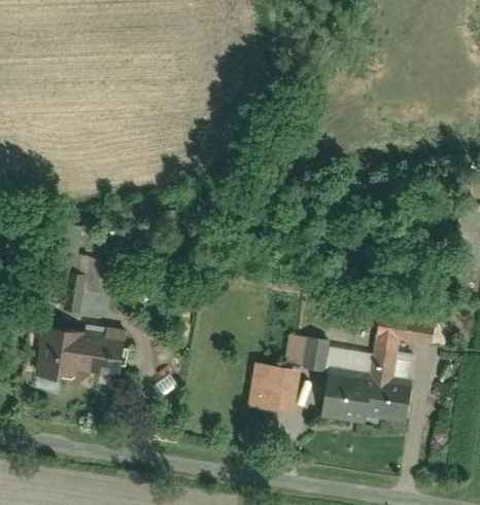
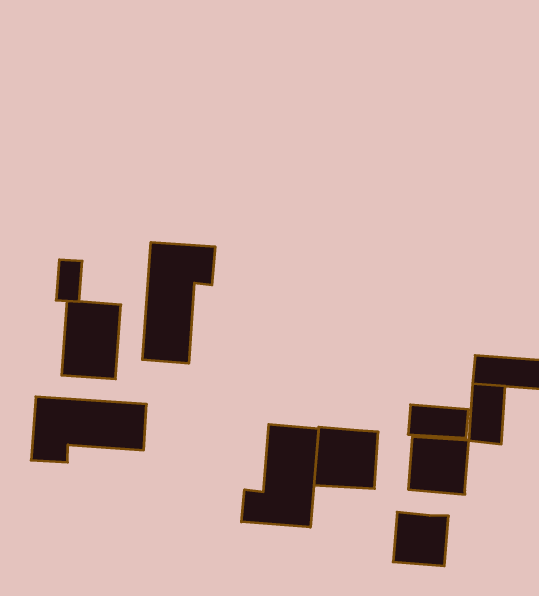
building: none -> [142,242,215,363]
building: [285,337,328,372] -> none
building: none -> [241,424,318,527]
building: [365,380,409,423] -> [393,512,449,566]

